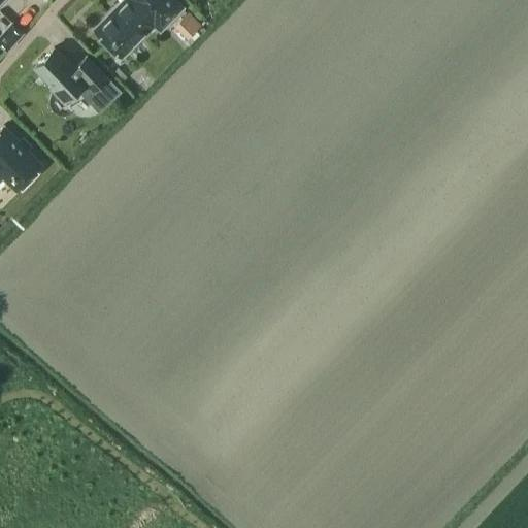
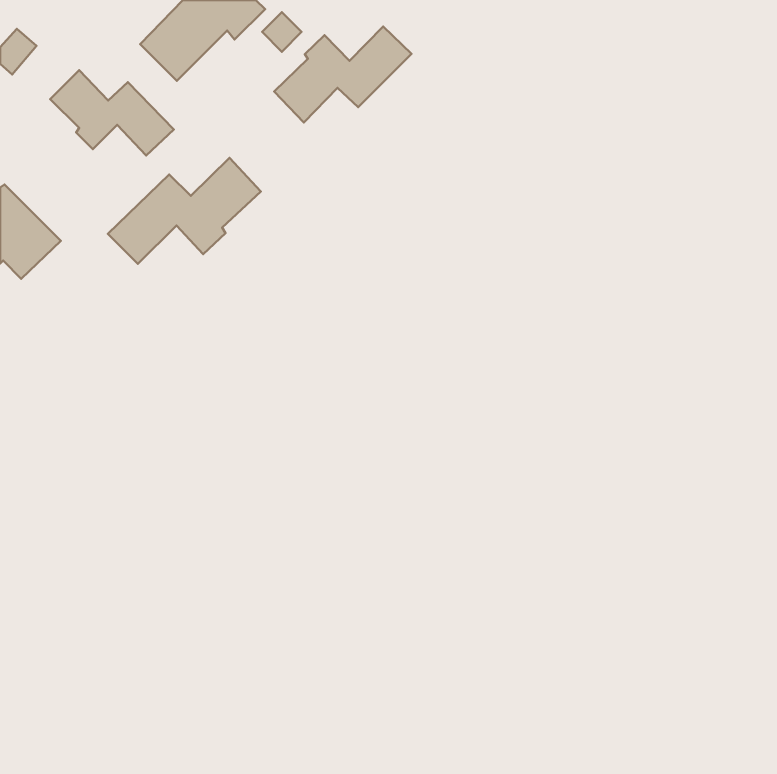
building: none -> [274,27,411,122]
building: none -> [108,158,261,264]

